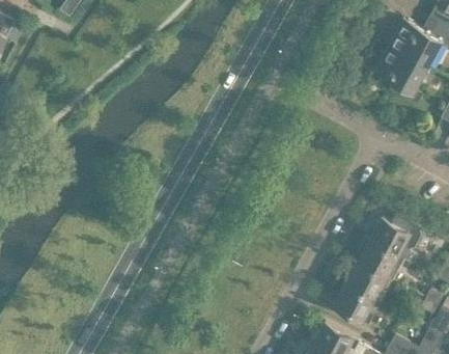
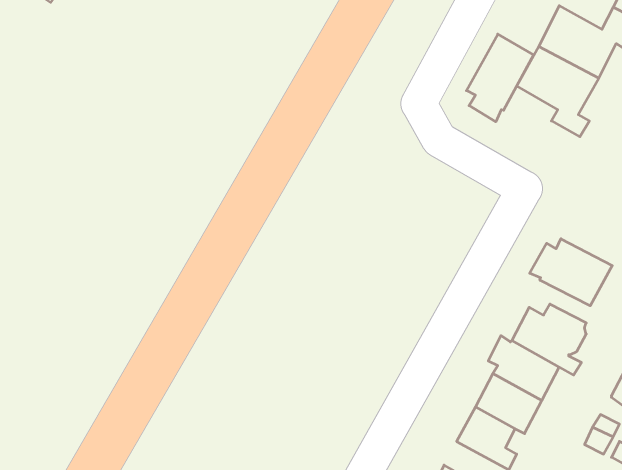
building: none -> [466,34,533,122]
building: none -> [530,239,612,306]

